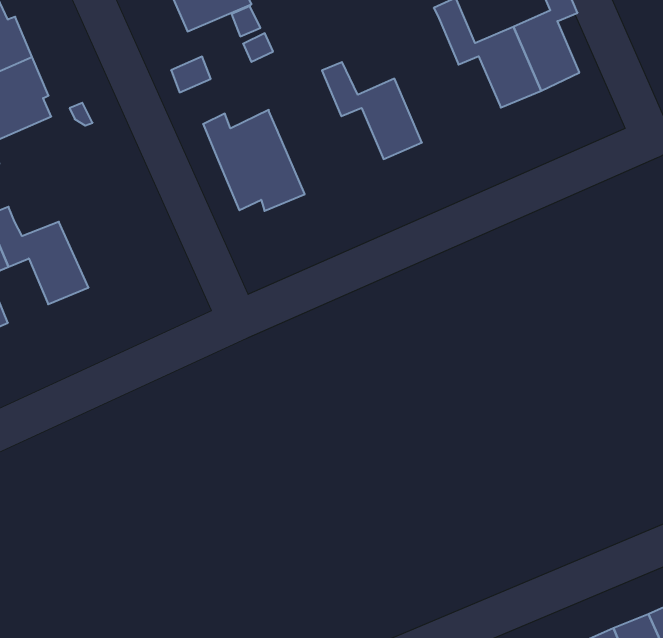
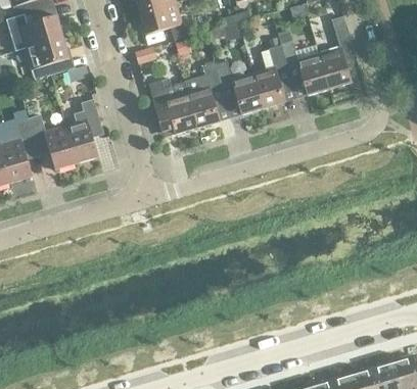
building: none -> [252,44,287,108]
building: none -> [184,63,222,128]
building: none -> [65,98,101,162]

